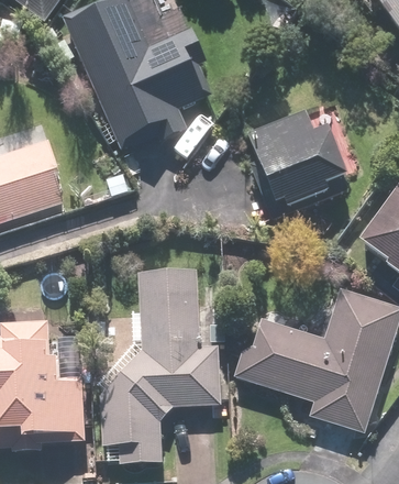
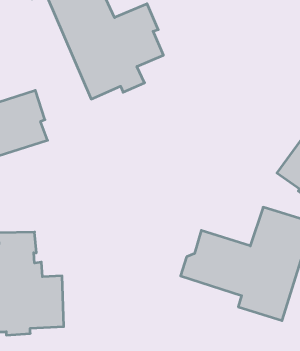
building: [245,108,347,218] -> none
building: [99,268,221,461] -> none

